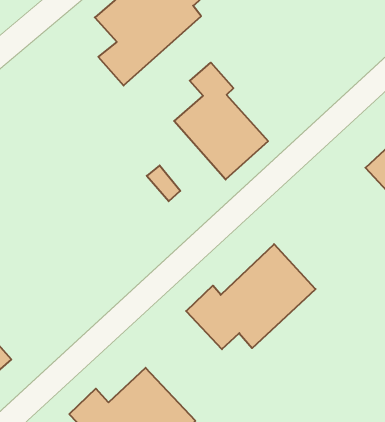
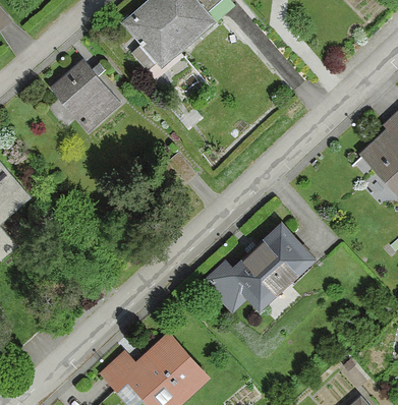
building: none -> [51,59,119,129]
building: [174,63,268,180] -> none

